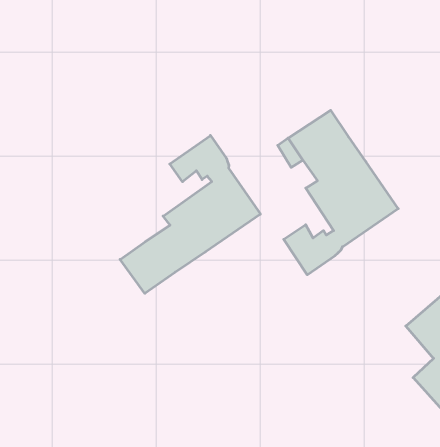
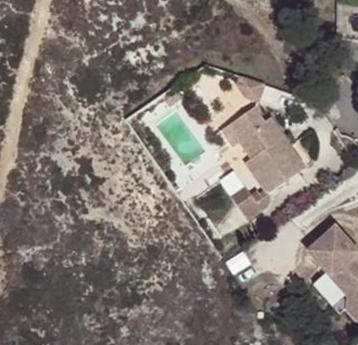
building: [120,135,260,293] -> none

